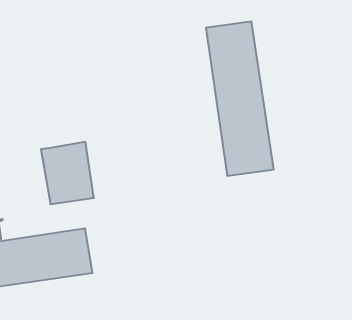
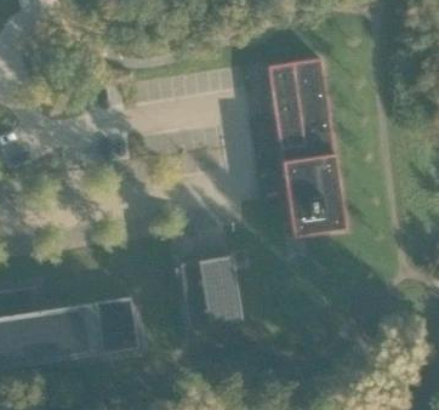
building: [41,142,94,204] -> [177,251,238,323]

